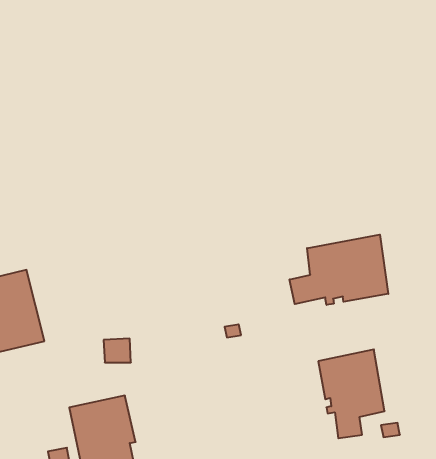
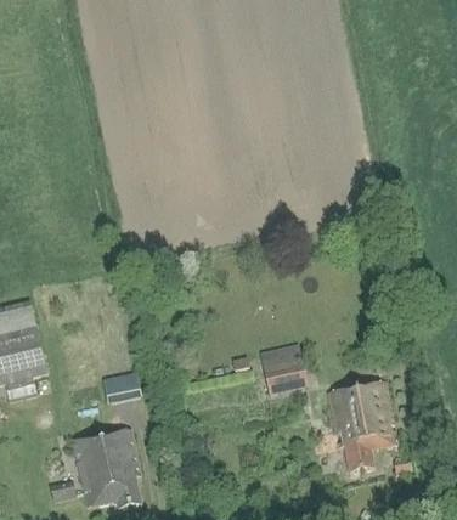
building: [290,235,388,305] -> none
building: none -> [259,343,309,394]

